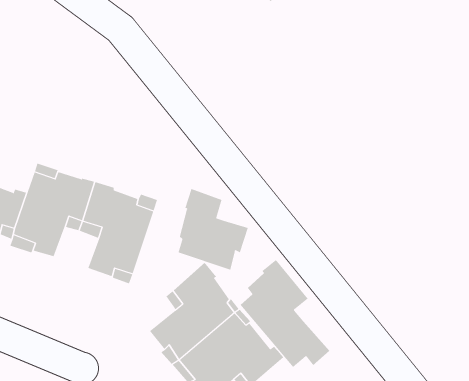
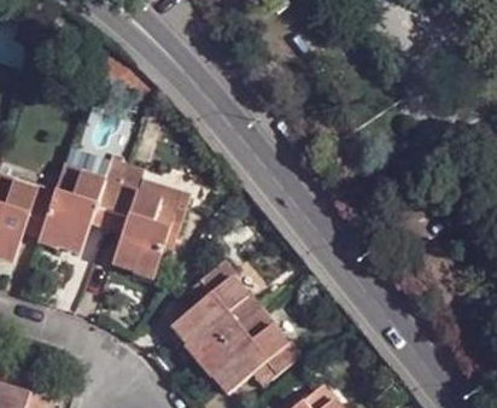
building: [178,188,248,270] -> none
building: [240,259,330,368] -> none

